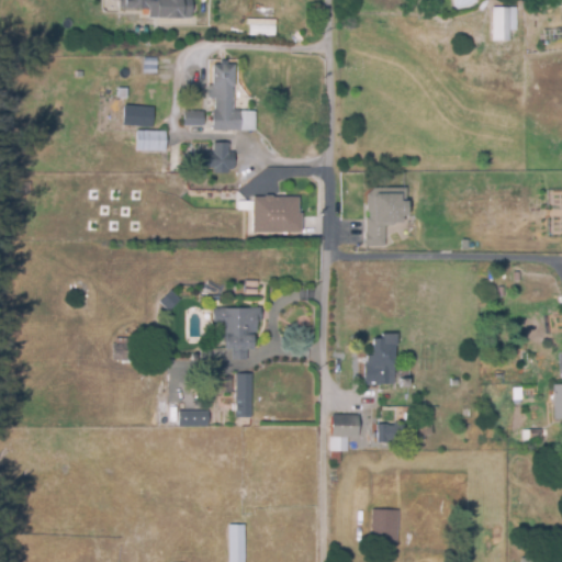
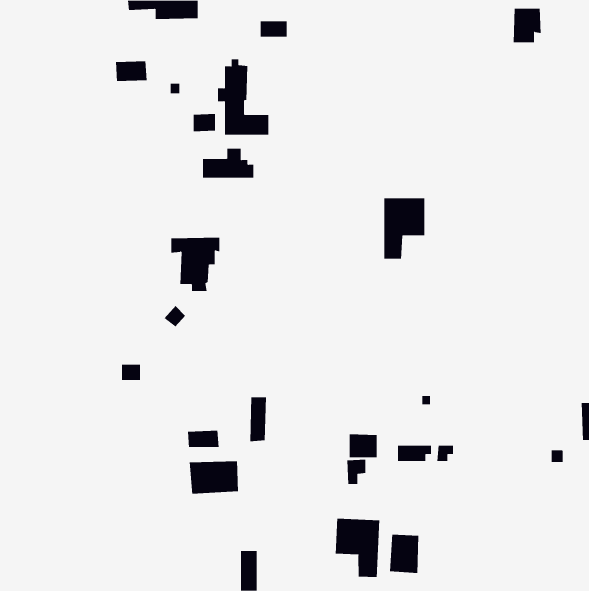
building: [124,104,155,124] -> [115,61,147,81]
building: [138,128,167,149] -> none
building: [258,199,307,234] -> none
building: [210,308,257,360] -> [170,237,220,291]
building: [363,331,398,384] -> none
building: none -> [189,460,239,494]
building: none -> [335,518,380,578]

